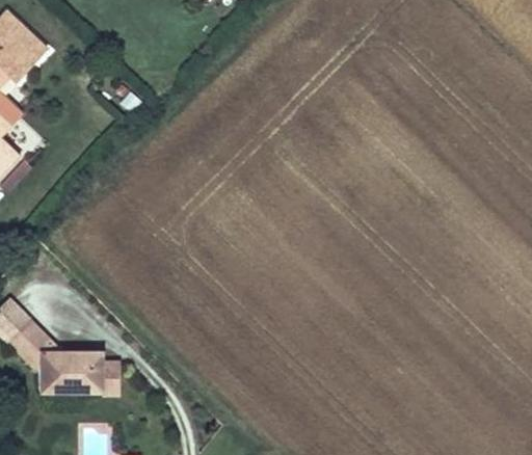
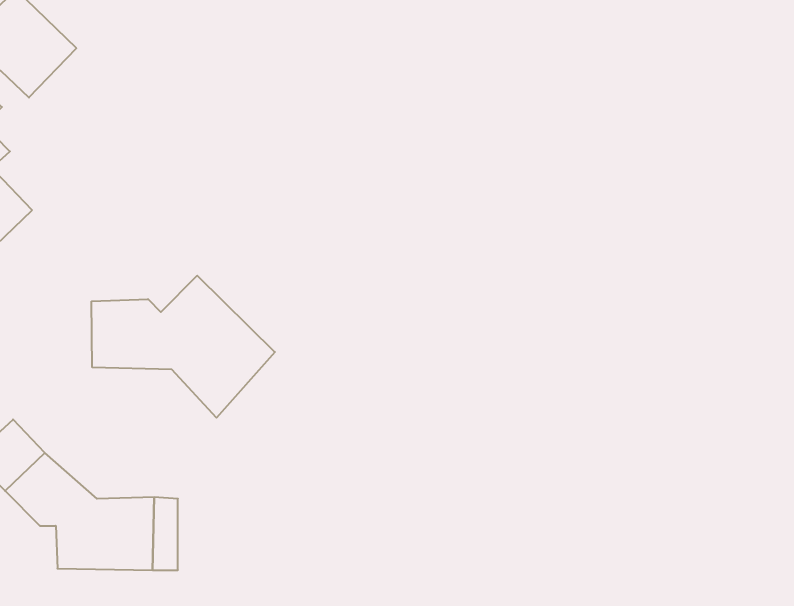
building: none -> [92,276,275,418]

